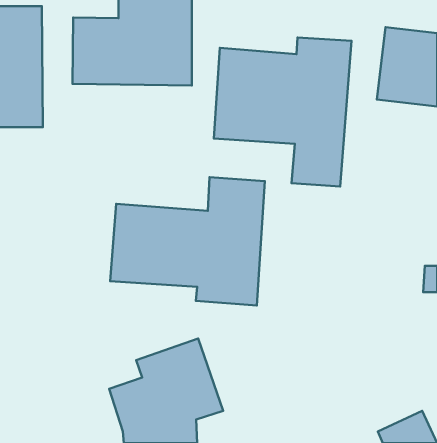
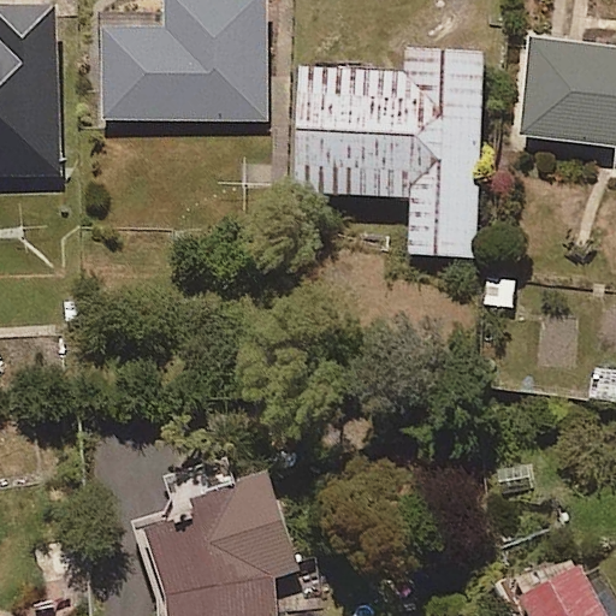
building: [110,177,265,306] -> none

